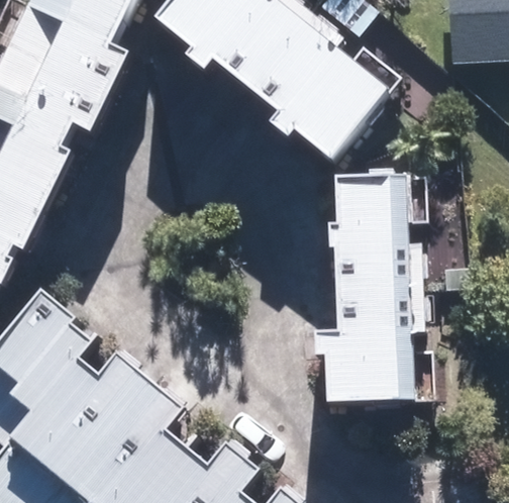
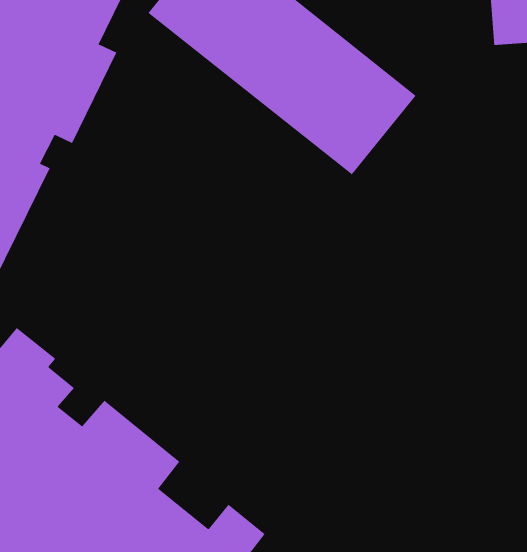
building: [323,176,414,403] -> none

